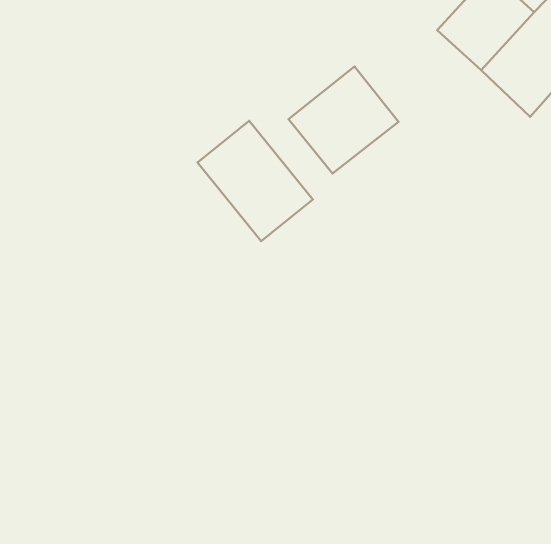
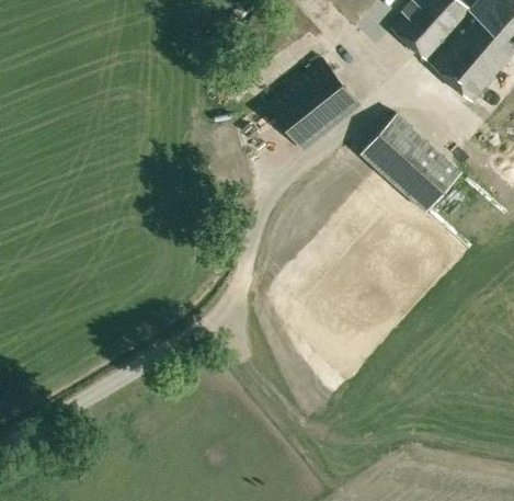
building: [197,121,313,241] -> none
building: none -> [361,113,460,210]

